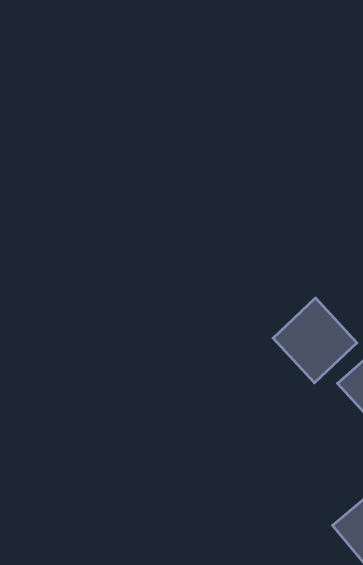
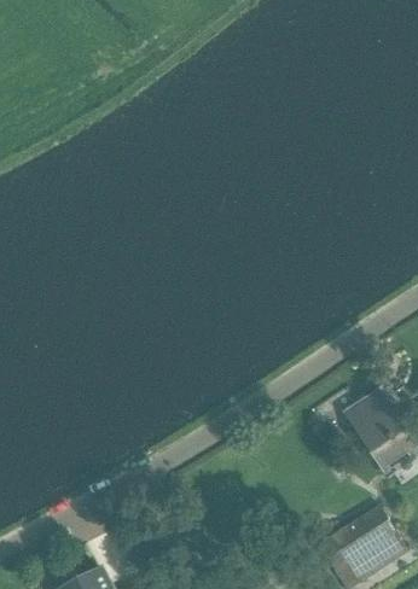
building: [273,298,357,383] -> none

